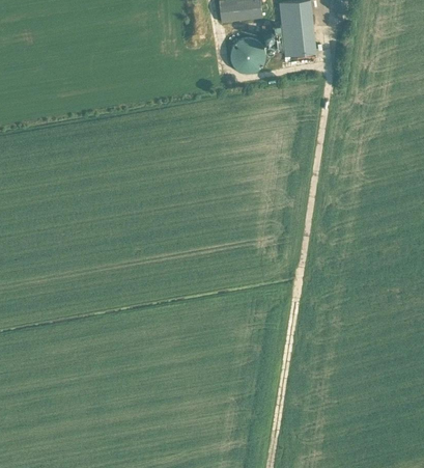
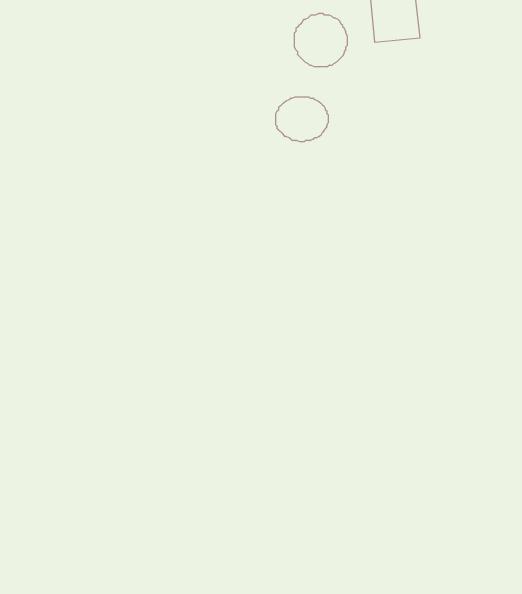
building: none -> [276,97,328,142]

